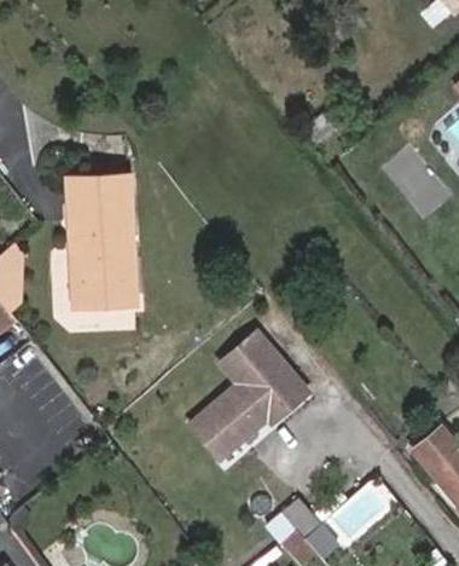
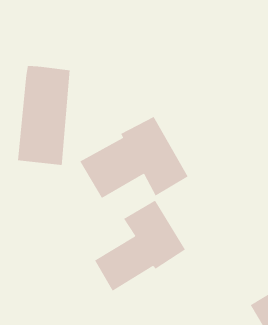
building: none -> [80,116,189,199]

